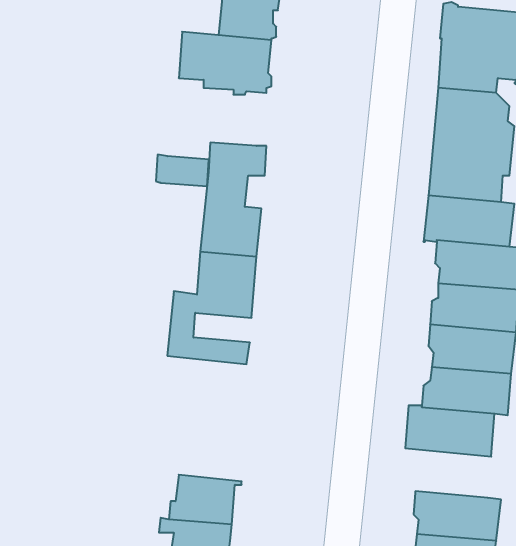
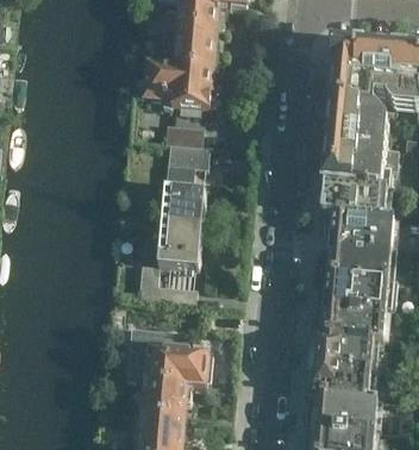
building: [156,155,209,186] -> [165,120,204,143]
building: none -> [138,343,210,386]
building: none -> [307,361,371,396]

